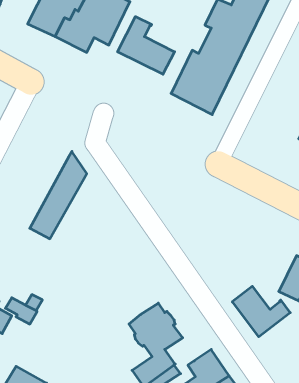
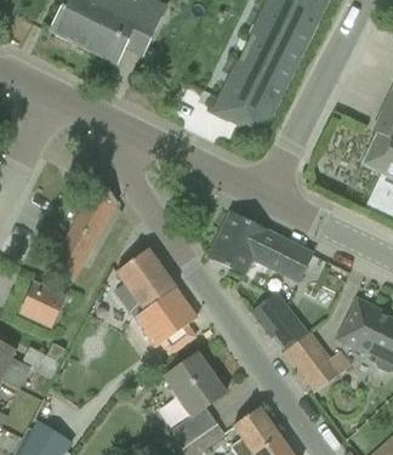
building: [118,17,175,74] -> none
building: none -> [207,211,312,280]
building: none -> [114,248,196,346]
building: none -> [21,281,63,325]
building: none -> [251,291,306,351]

